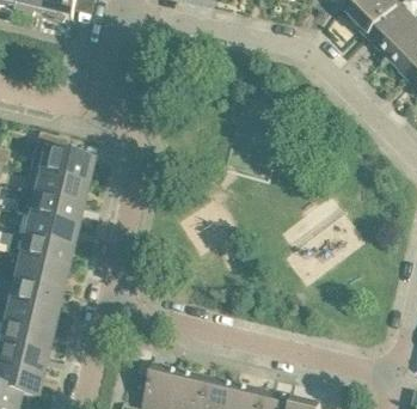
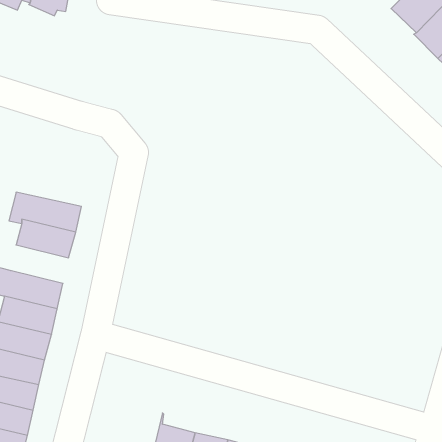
building: [31,132,91,181] -> none
building: [26,213,75,245] -> none

